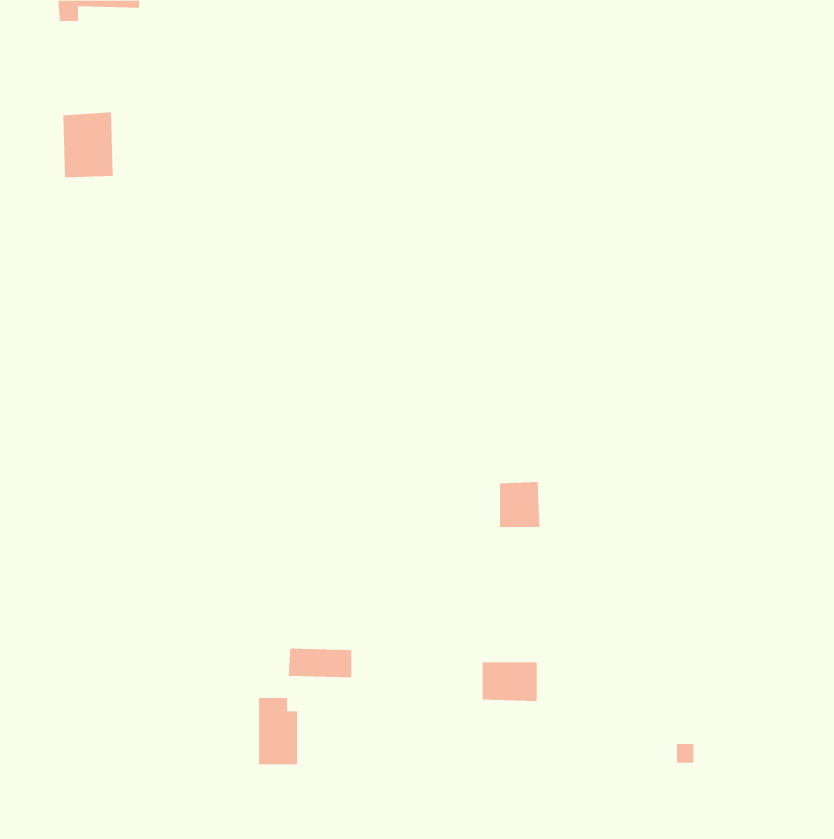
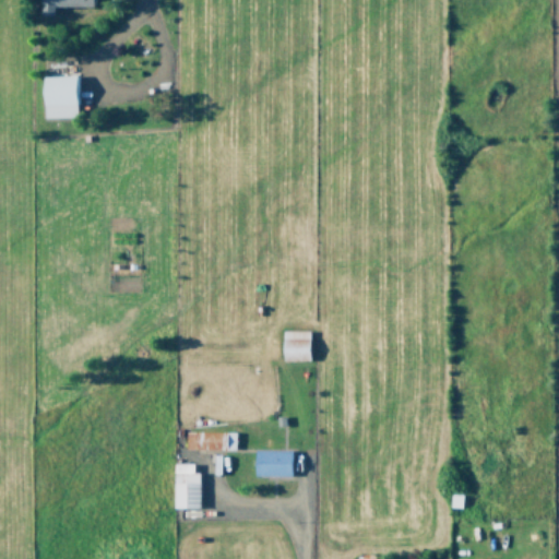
building: [499,481,540,527] -> [285,331,312,361]
building: [482,662,538,701] -> [257,451,294,477]

